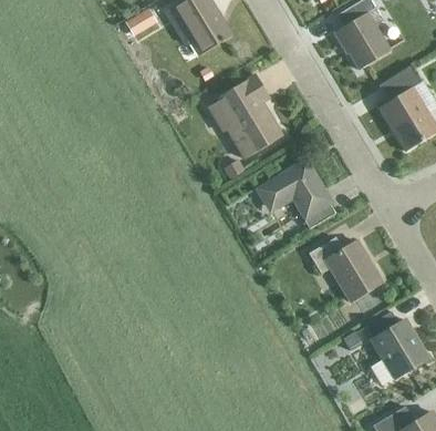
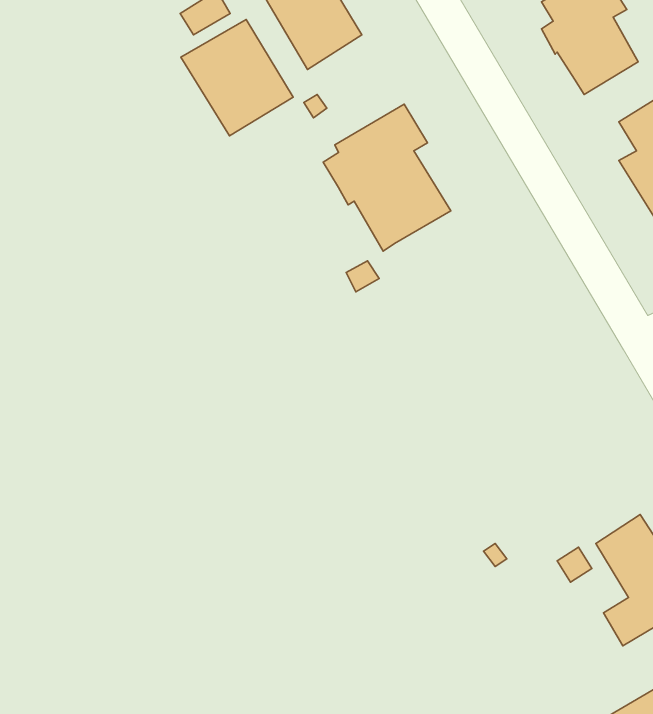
building: none -> [181,20,293,136]
building: [261,161,335,228] -> none
building: [309,235,382,299] -> none

